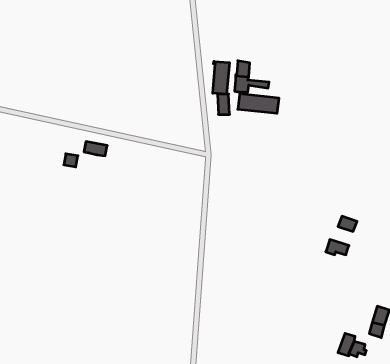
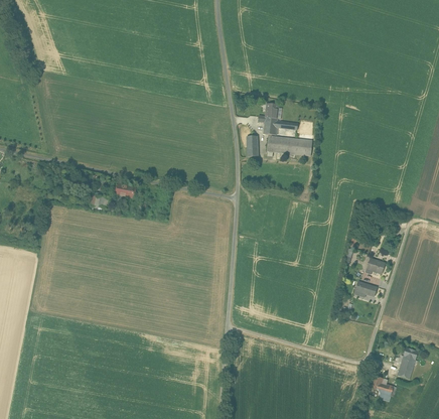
building: [213,61,229,94] -> none

